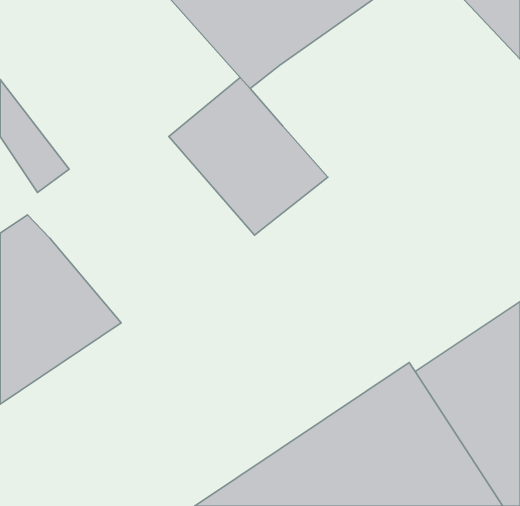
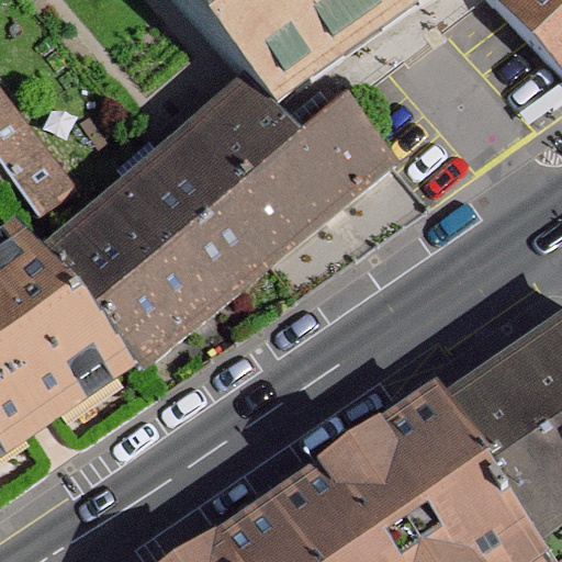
building: none -> [305,100,397,191]
building: none -> [54,147,274,361]

